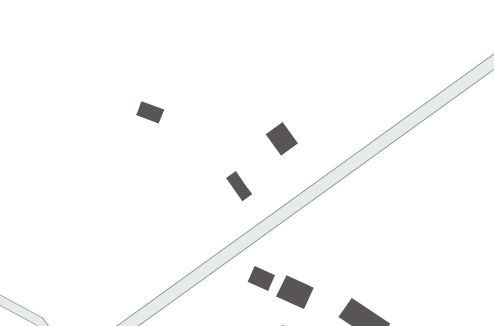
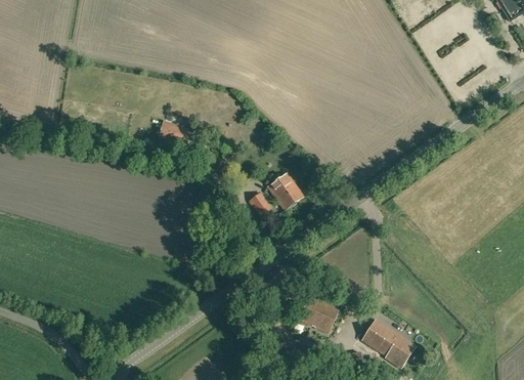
building: [265,121,299,157] -> [268,173,303,209]
building: [247,265,276,292] -> none

